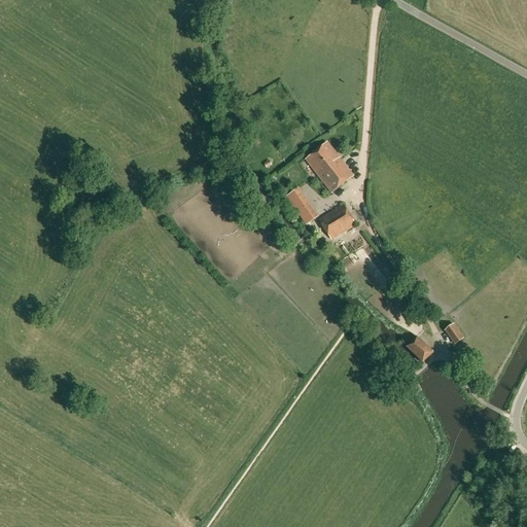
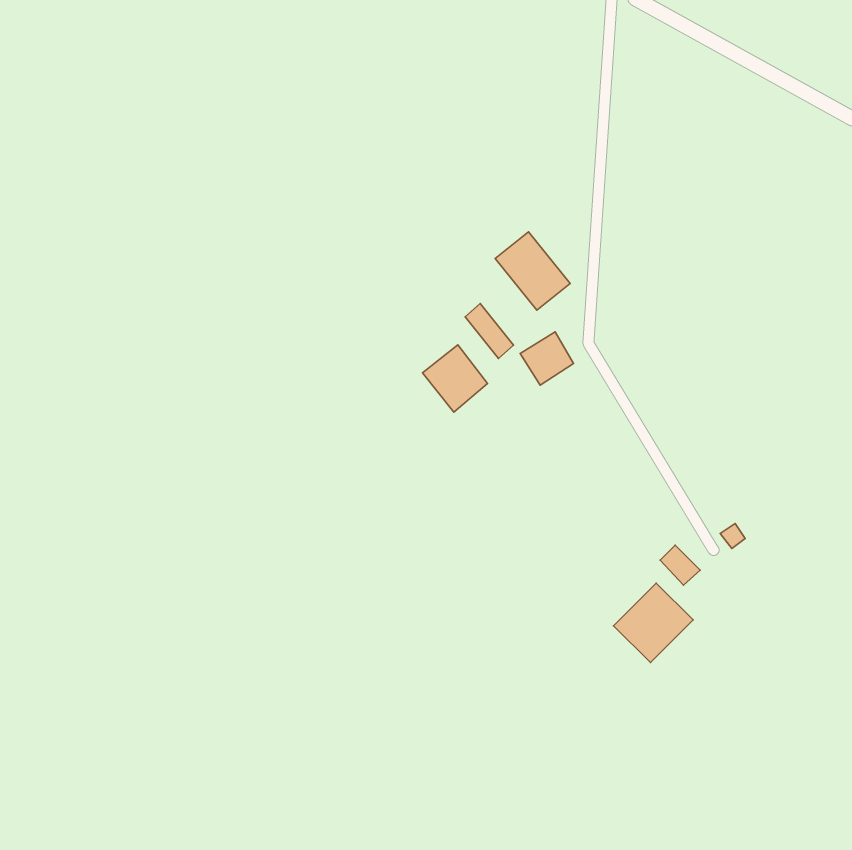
building: none -> [422,345,488,412]
building: none -> [613,583,693,663]

